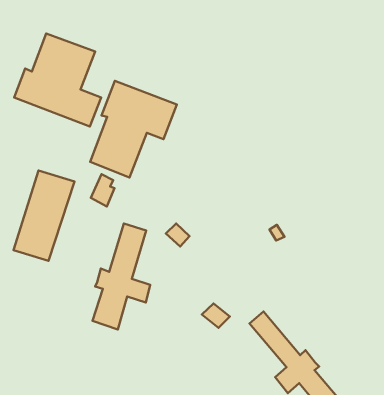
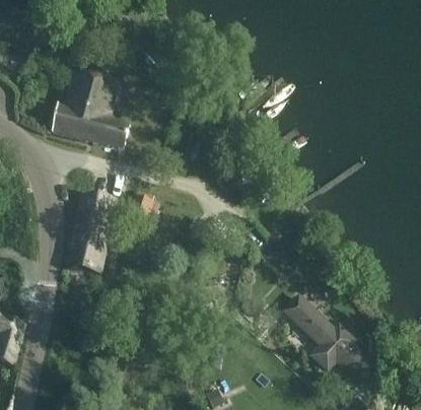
building: [90,81,177,178] -> none
building: [93,224,150,329] -> none

